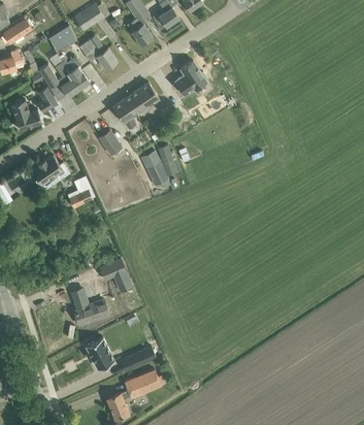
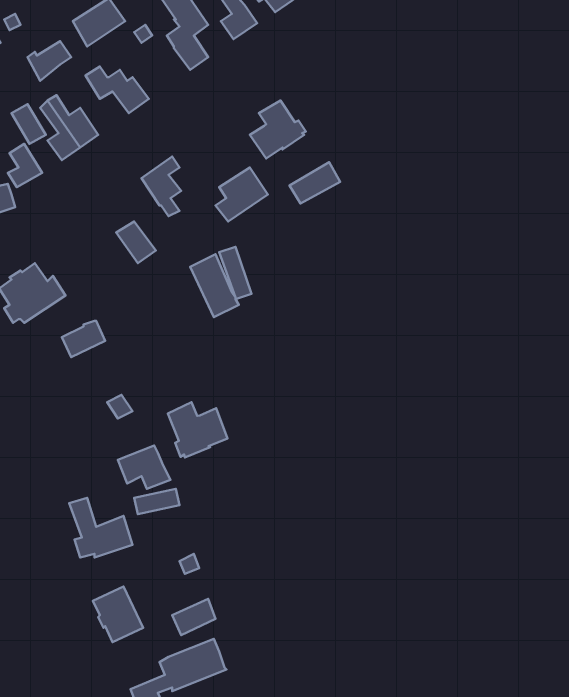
building: [128,81,158,112] -> [215,167,268,222]
building: none -> [168,402,228,457]

